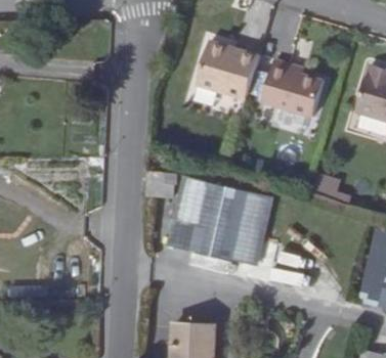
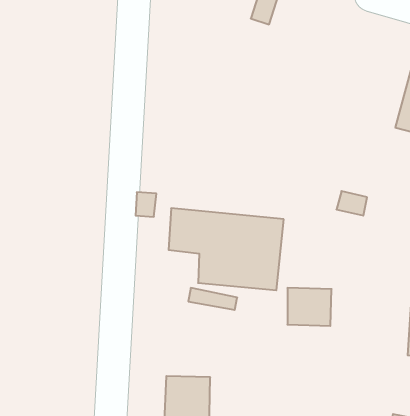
building: [205,48,266,107] -> none
building: [267,66,330,125] -> none

